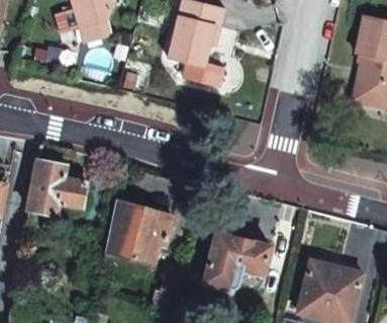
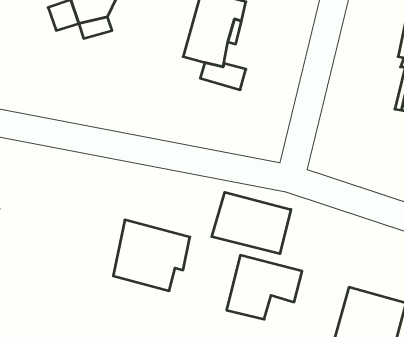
building: [30,160,87,216] -> none
building: none -> [212,192,291,254]

